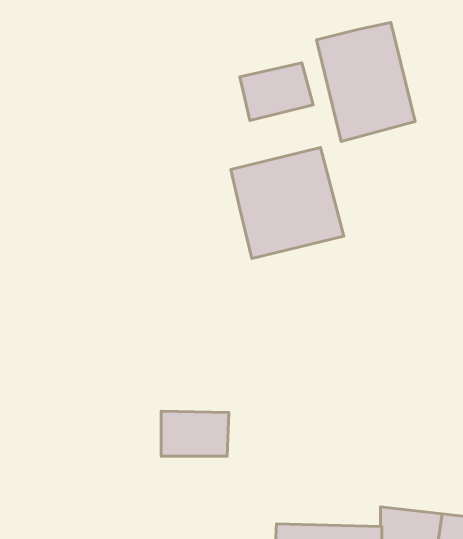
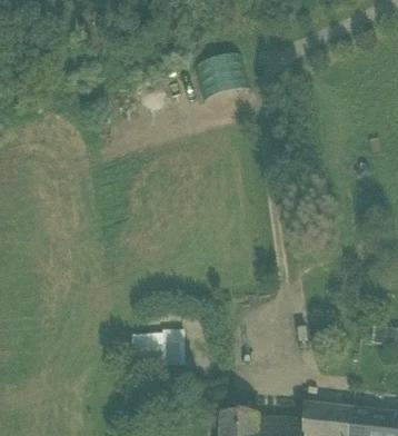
building: [316,22,415,141] -> none
building: [231,147,344,258] -> none

